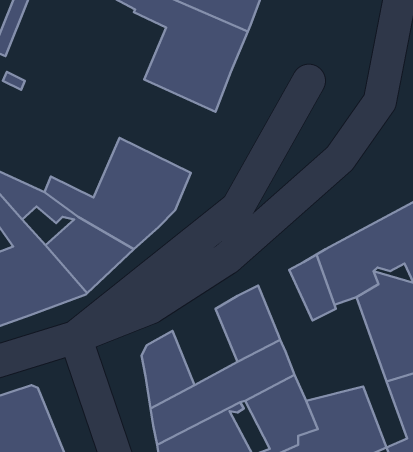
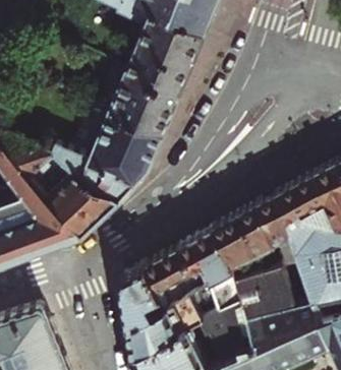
building: none -> [81,65,182,138]
building: none -> [216,214,259,266]
building: none -> [149,245,200,305]
building: none -> [237,263,298,317]

